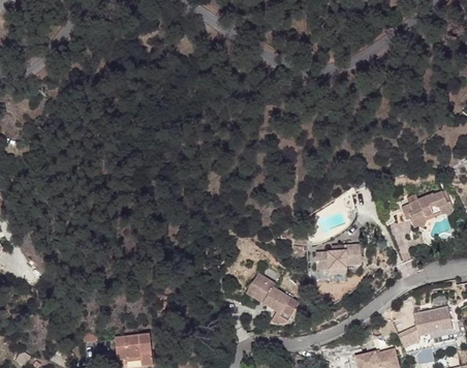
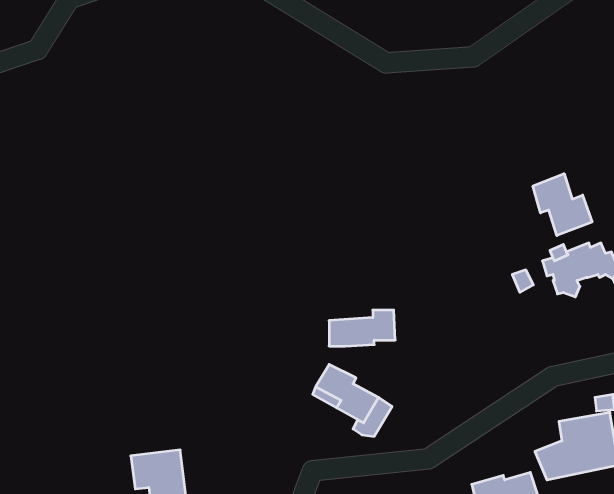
building: none -> [533,174,592,236]
building: [313,245,359,270] -> [329,310,395,346]

